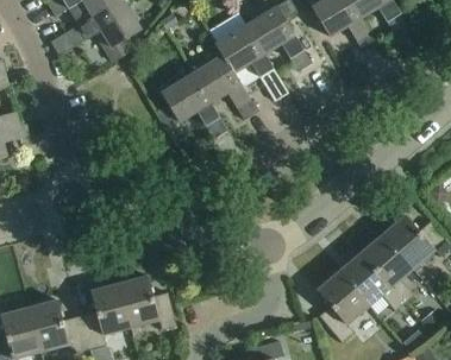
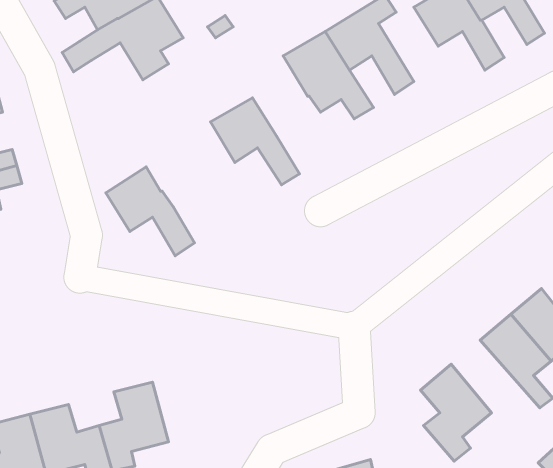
building: [193,55,258,120] -> [106,167,194,256]
building: [339,252,405,310] -> none
building: [119,274,176,329] -> none

